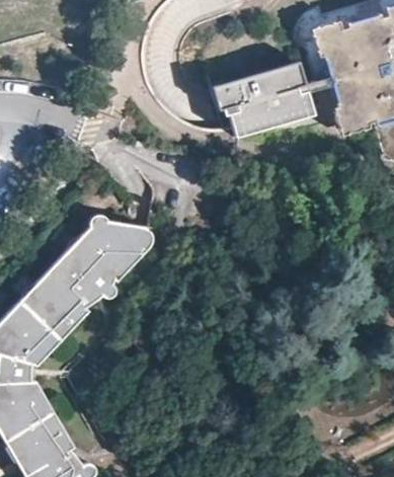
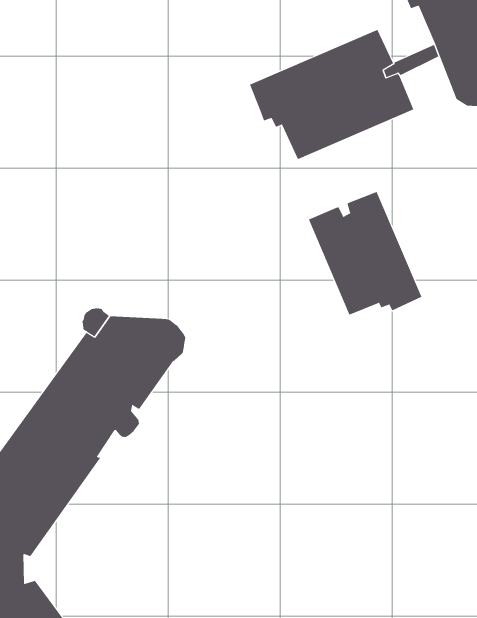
building: none -> [308,191,422,315]

